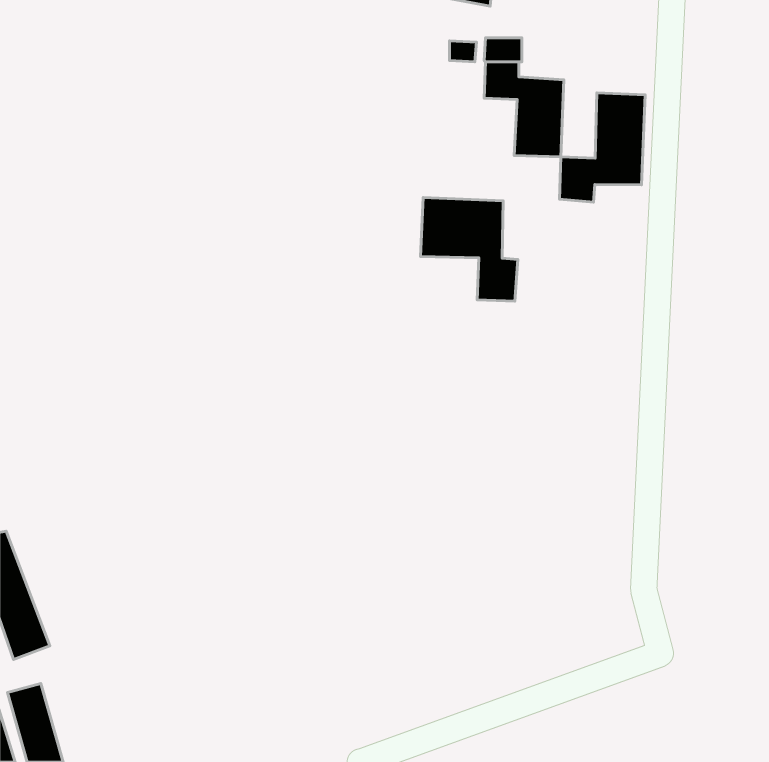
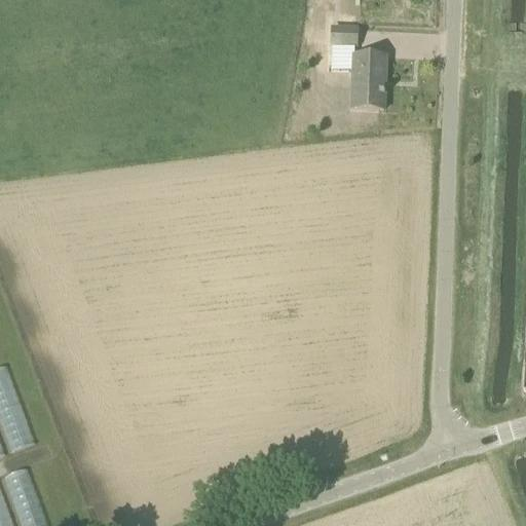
building: [559,93,645,202] -> none
building: [421,198,518,301] -> none

